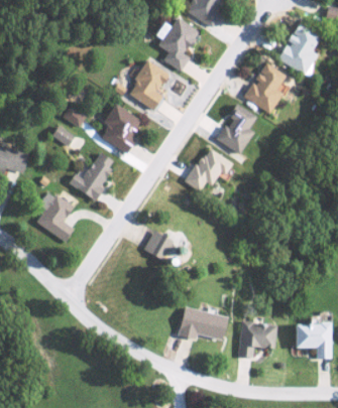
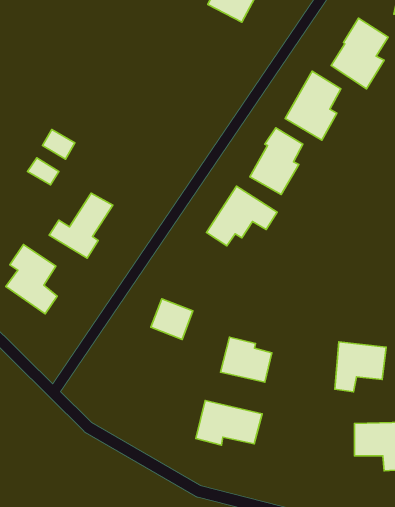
building: [157,17,200,71] -> none
building: [128,60,170,112] -> none
building: [101,104,144,152] -> none
building: none -> [220,337,272,382]
building: [240,320,278,358] -> [335,342,386,392]

